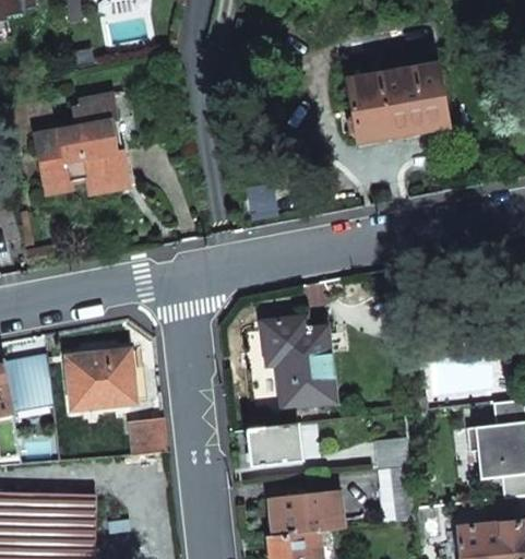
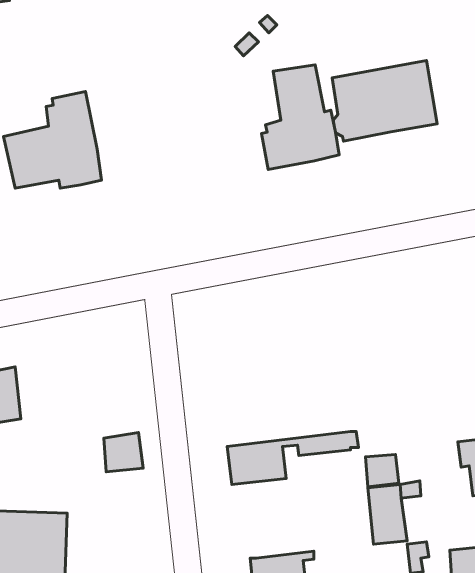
building: none -> [262,65,339,169]
building: [261,317,335,408] -> none
building: [68,350,134,408] -> none
building: [270,490,343,536] -> none

